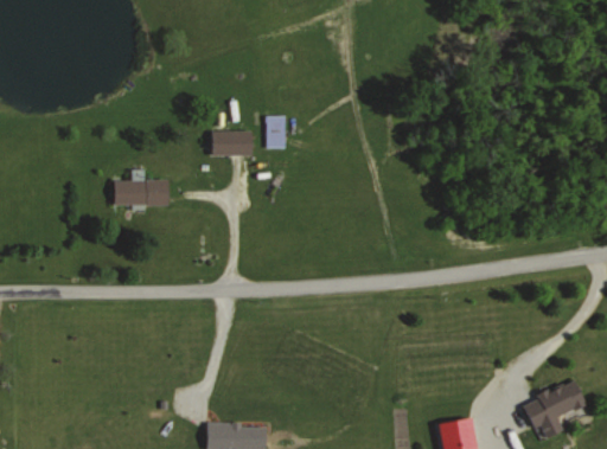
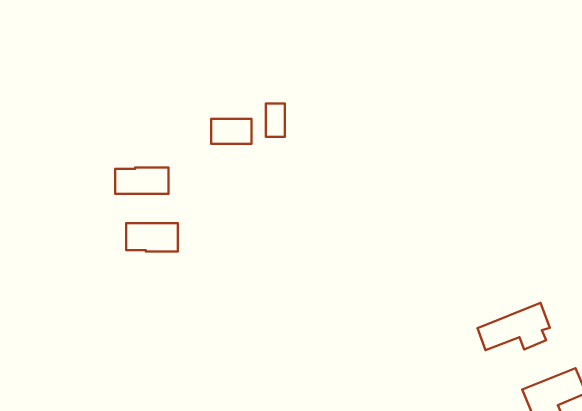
building: none -> [126,223,178,251]
building: none -> [478,303,550,350]

